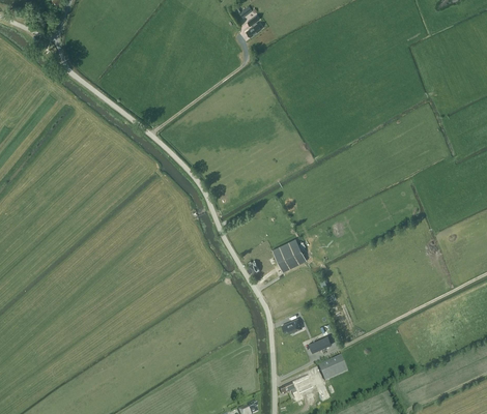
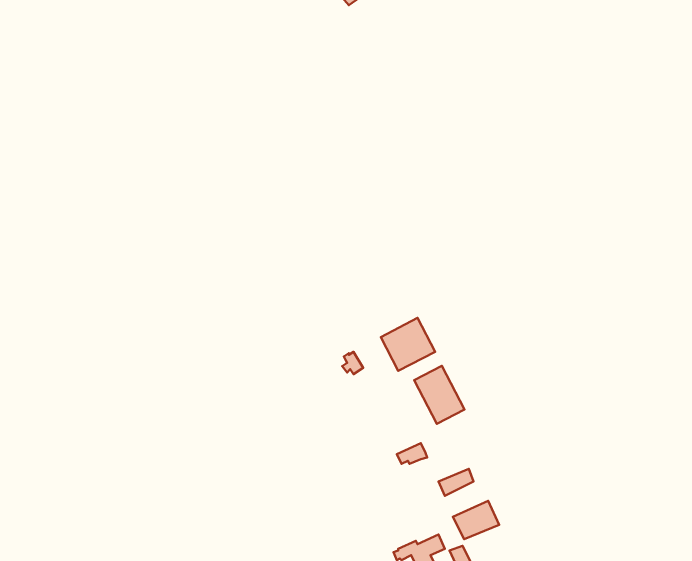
building: none -> [414,366,465,424]

